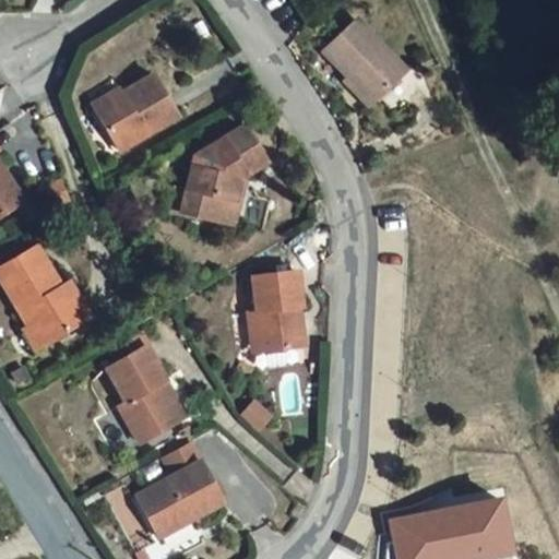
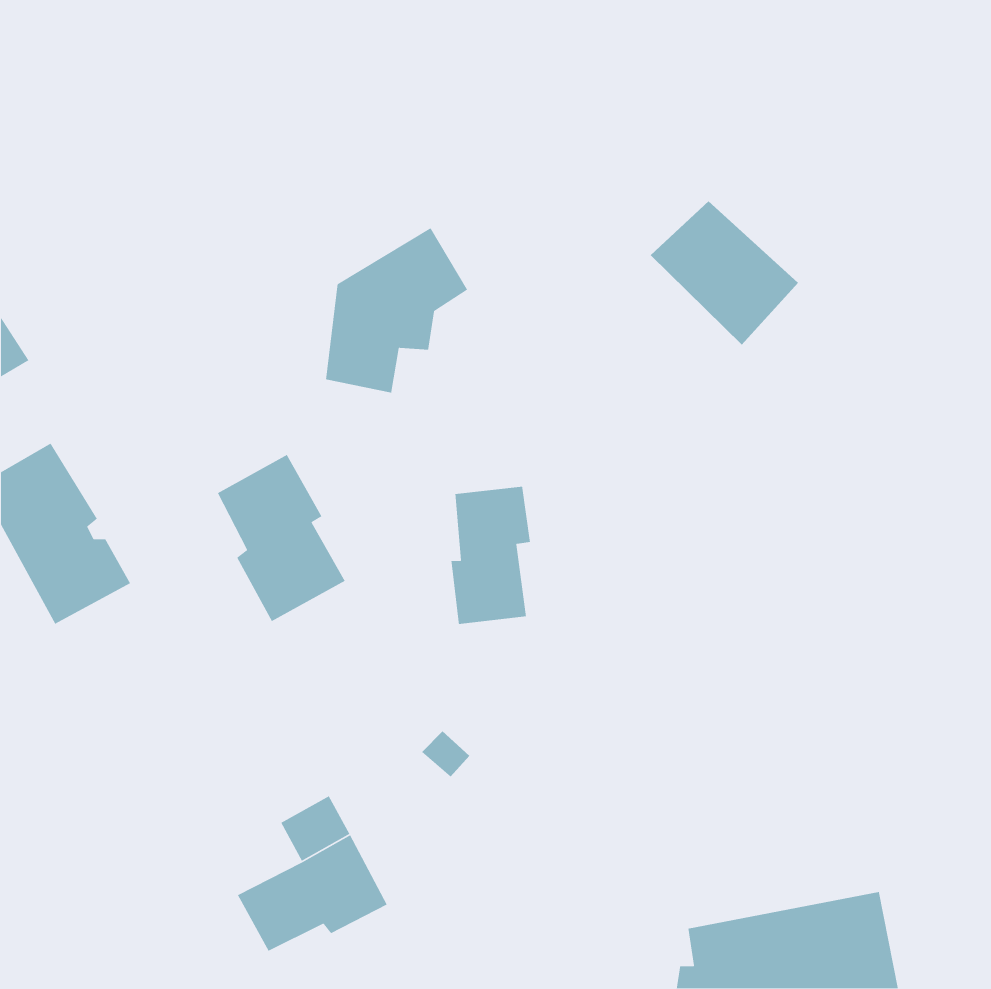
building: [326,24,409,105] -> [650,200,799,345]
building: [95,76,180,147] -> none
building: [108,349,180,443] -> [217,454,346,622]

